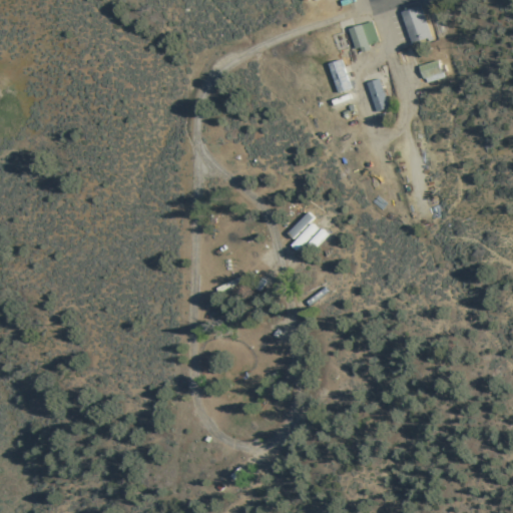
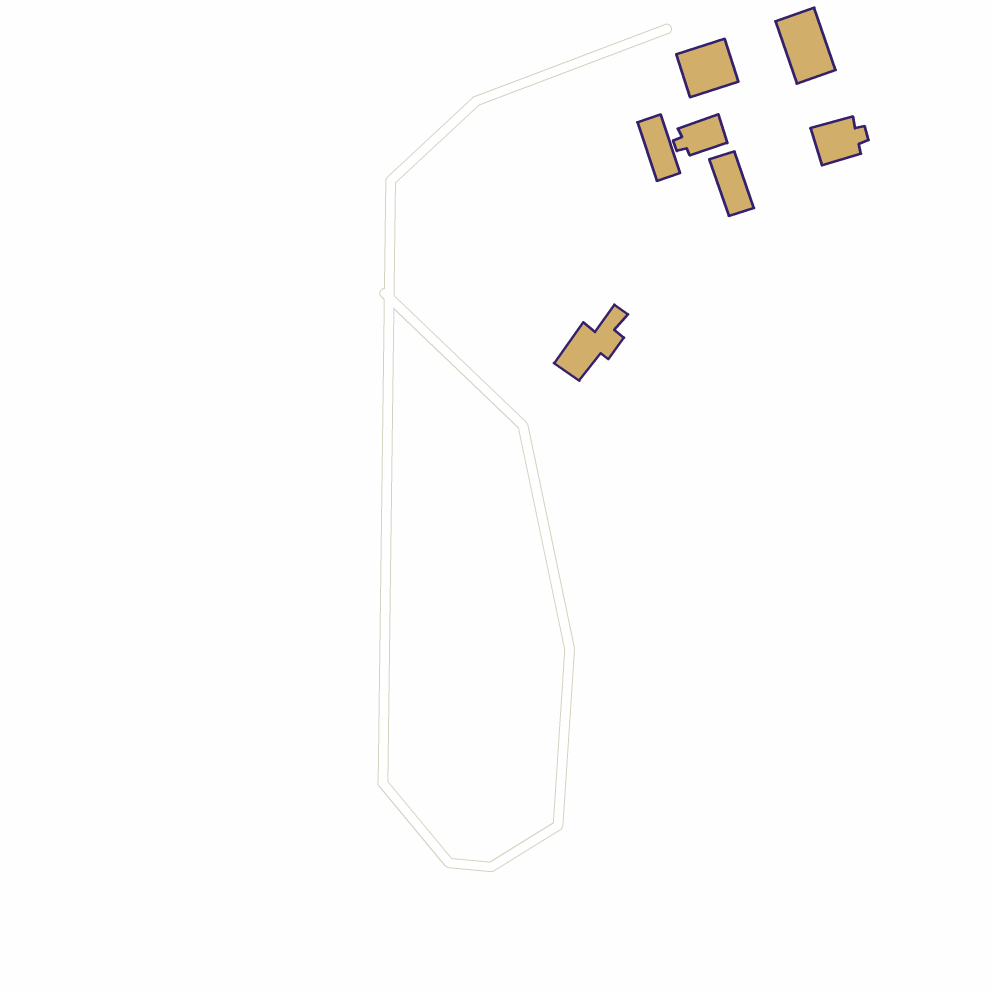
building: none -> [673,114,727,155]
building: [285,209,323,248] -> [554,305,628,381]

